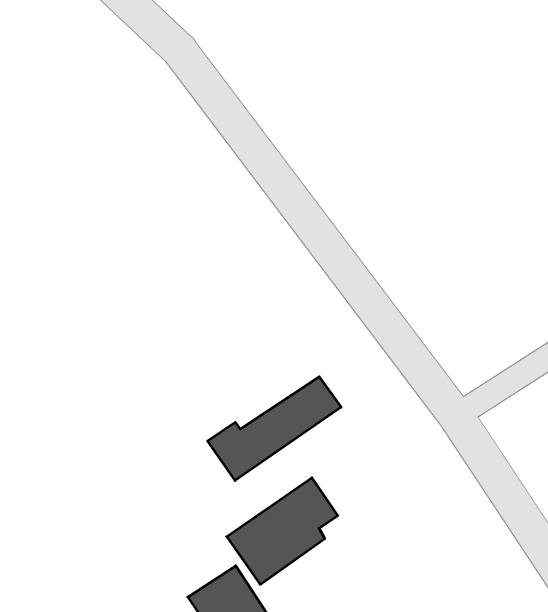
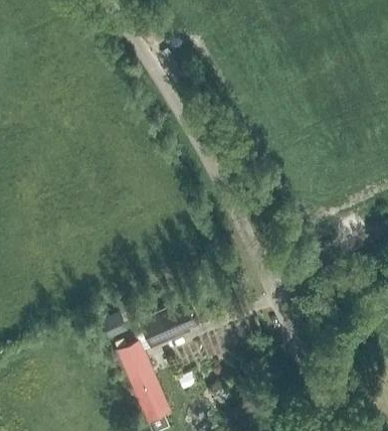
building: [208,377,341,481] -> none

